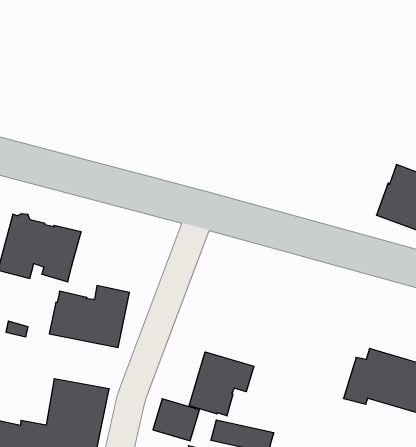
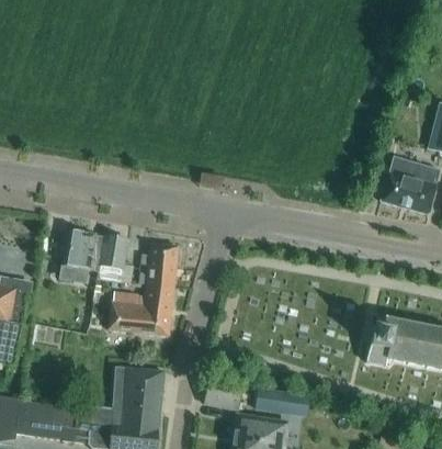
building: none -> [139,243,179,287]
building: [189,352,254,416] -> none

